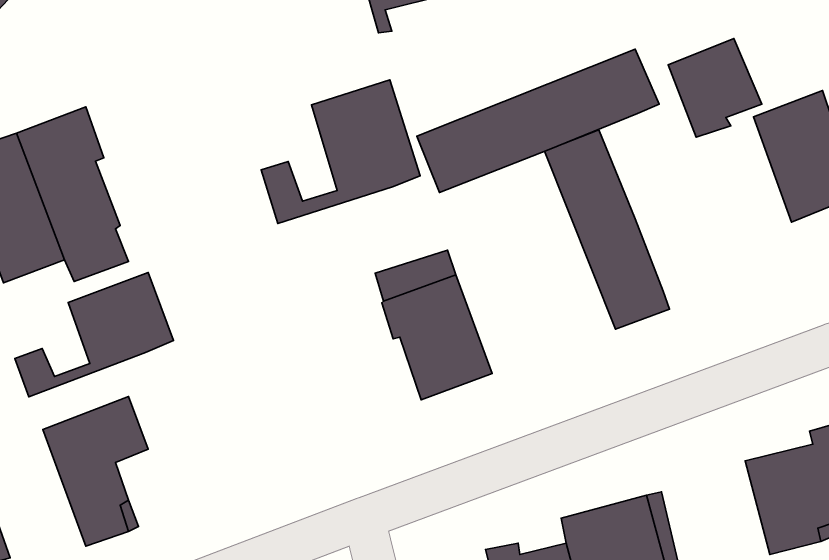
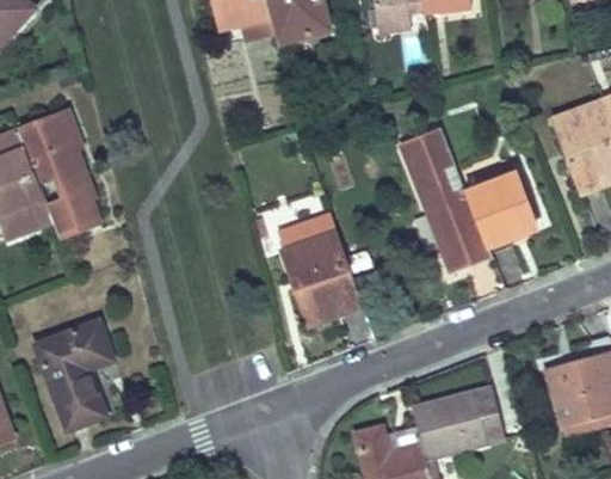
building: [668,38,762,137] -> [467,173,535,245]
building: [417,49,659,192] -> none
building: [261,80,420,223] -> none
building: [15,272,174,397] -> none

